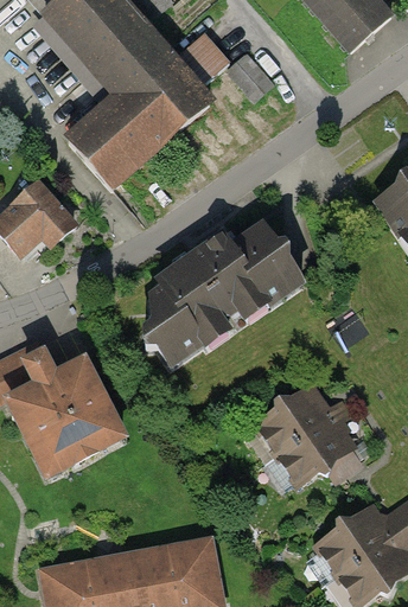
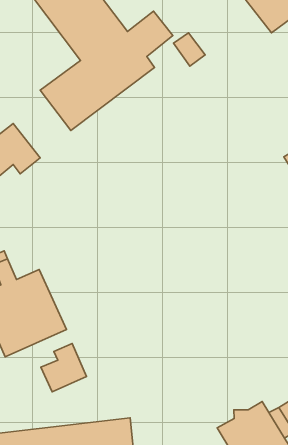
building: [145,228,301,363] -> none
building: [257,386,353,481] -> none
building: none -> [41,344,87,392]

